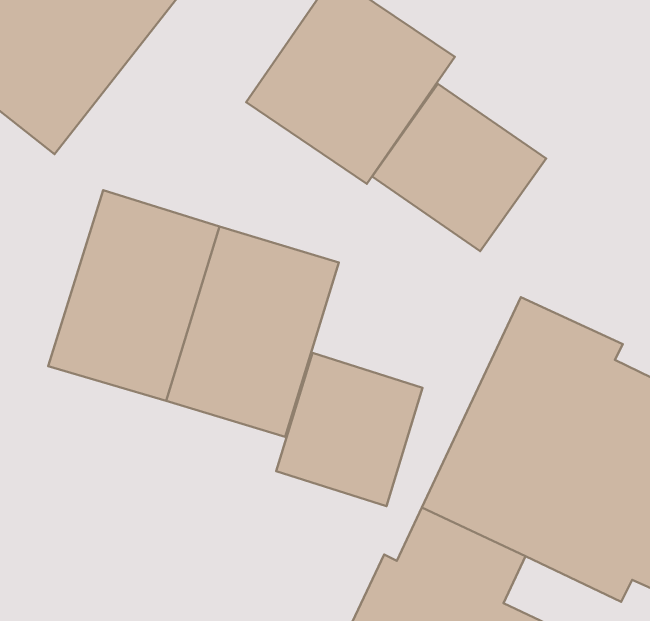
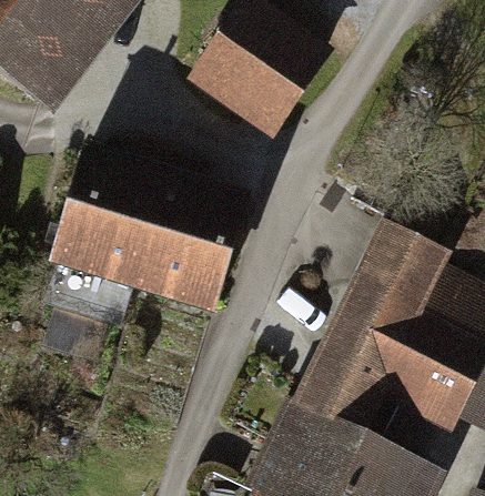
building: [372,84,546,251] -> none
building: [276,353,423,506] -> none

